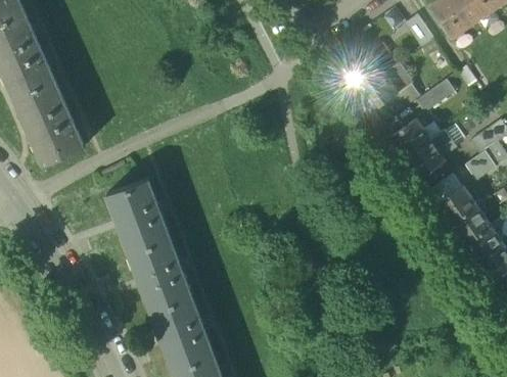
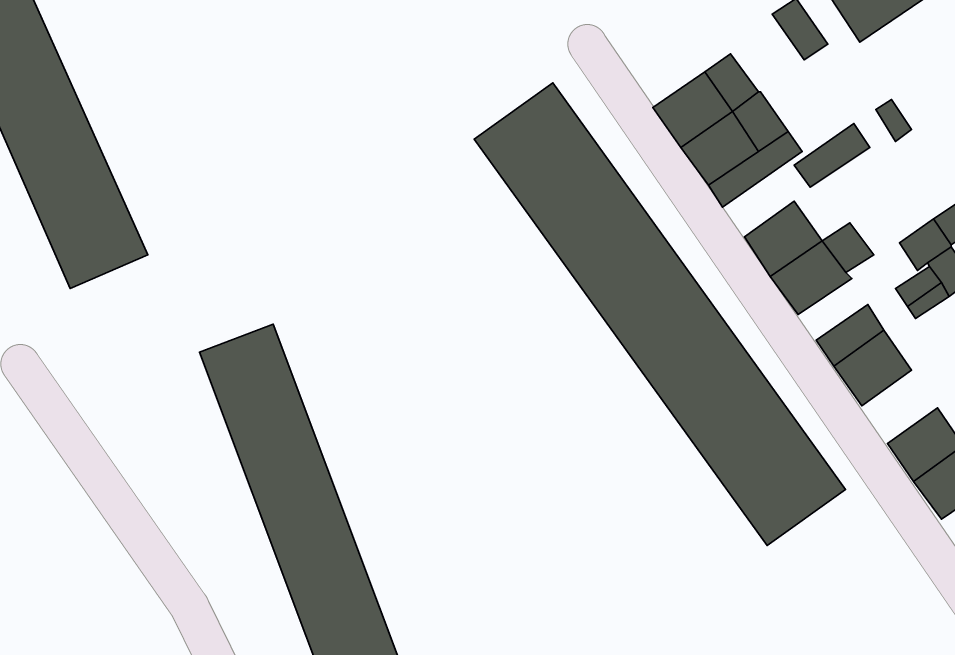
building: none -> [474,83,846,546]
building: [451,205,490,243] -> none

